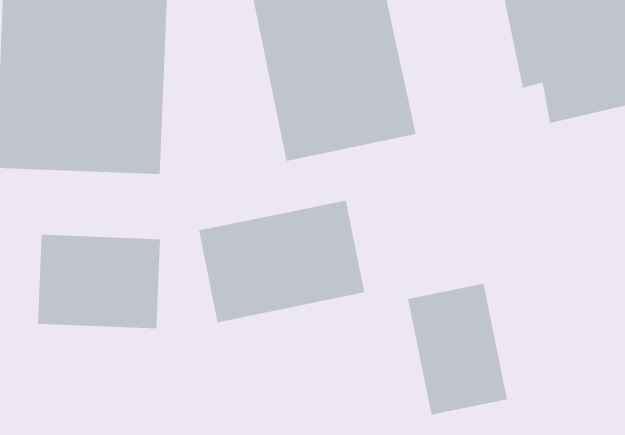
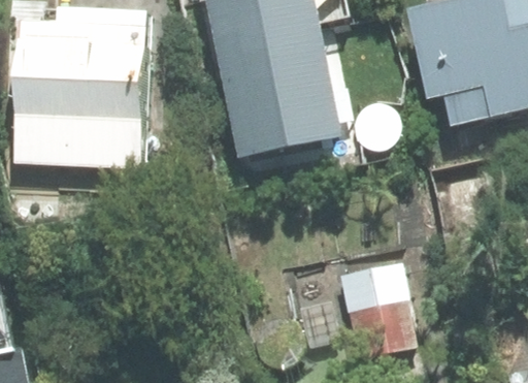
building: [198,200,365,323] -> none
building: [37,234,161,329] -> none

